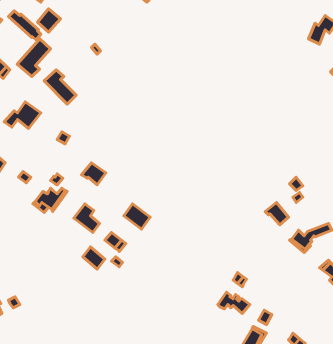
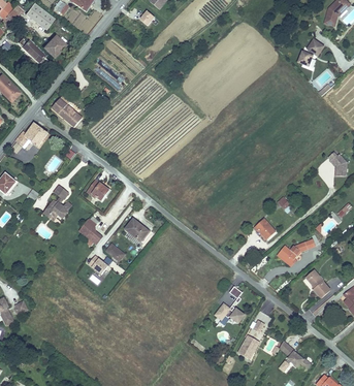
building: [17,39,51,76] -> none

